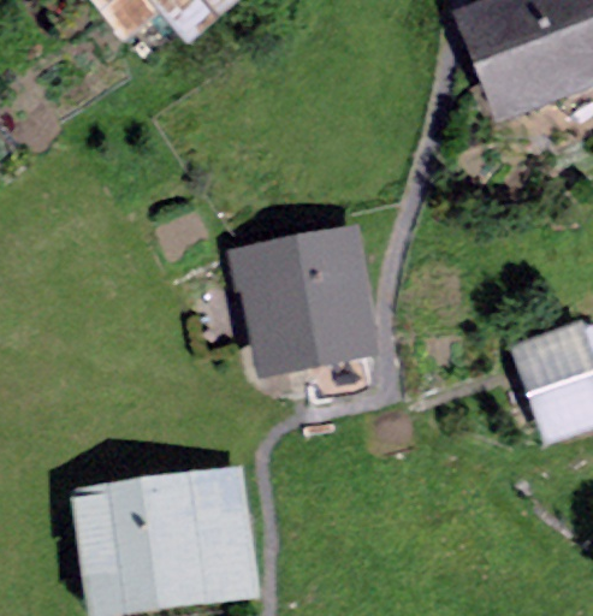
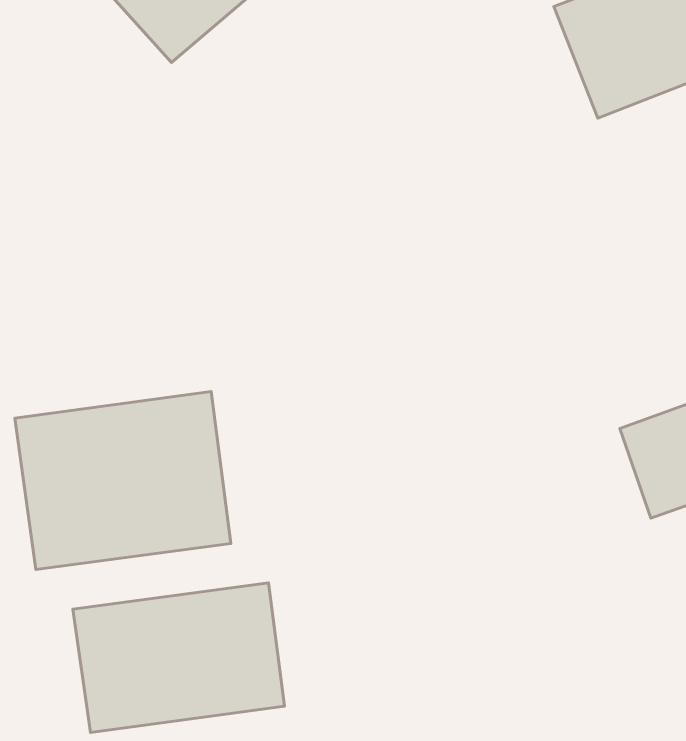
building: [229,239,368,355] -> none
building: none -> [15,392,231,570]

